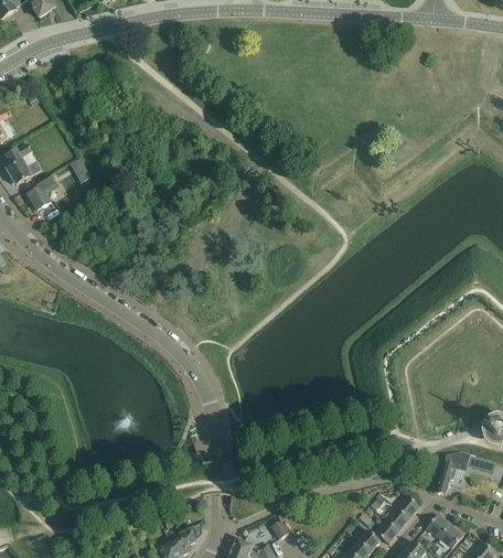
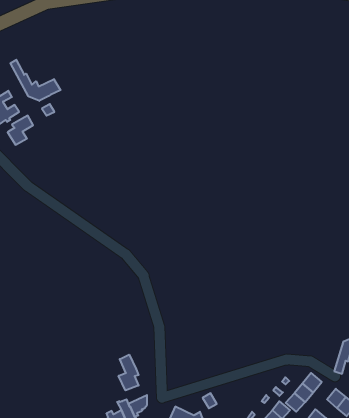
building: none -> [10,60,61,101]
building: none -> [119,355,139,390]

